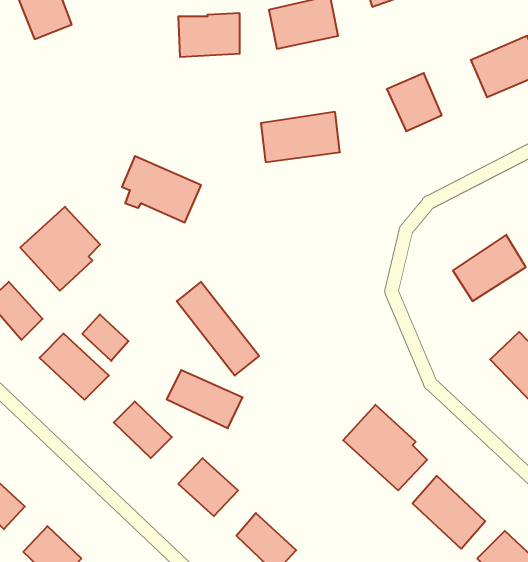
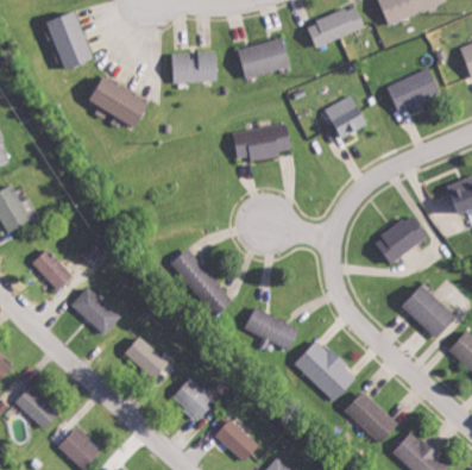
building: [122,156,201,222] -> [92,79,150,127]
building: [20,207,100,291] -> none
building: [82,314,129,361] -> none
building: [167,370,243,428] -> [243,307,298,350]

